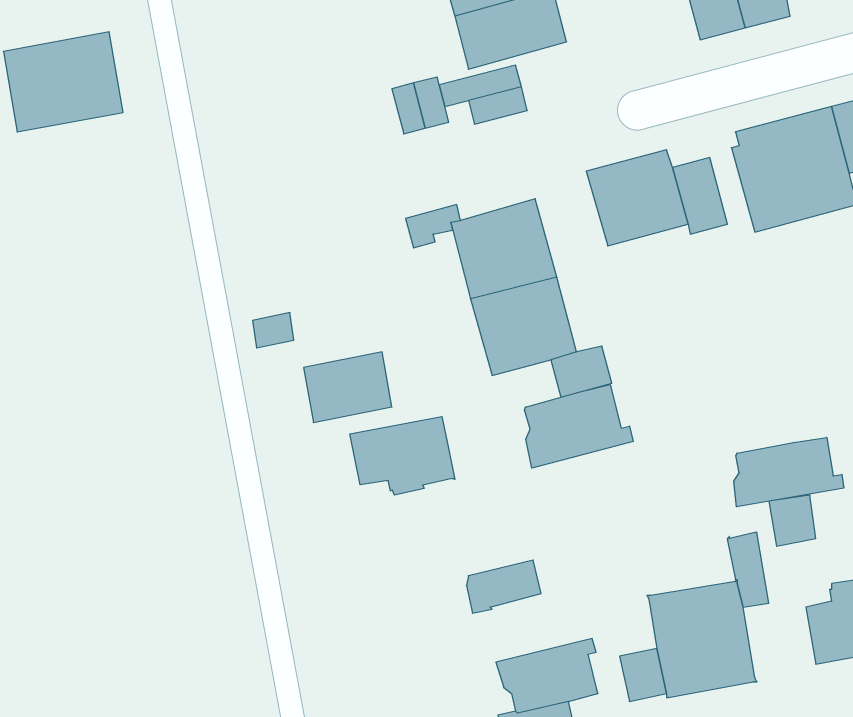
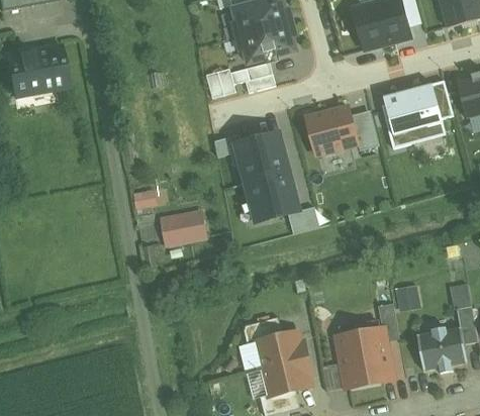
building: [525,385,633,468] -> none
building: [350,417,455,495] -> none
building: [734,437,844,507] -> none
building: none -> [256,331,308,370]

